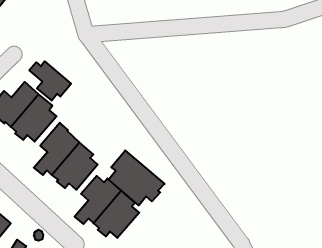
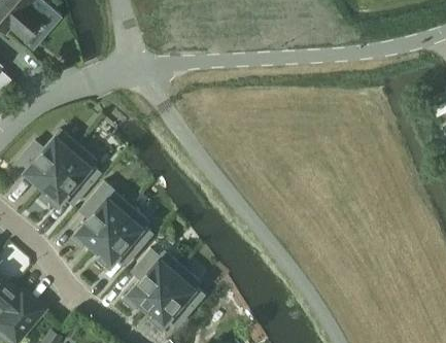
building: [29,61,71,101] -> none
building: [109,150,165,205] -> none

